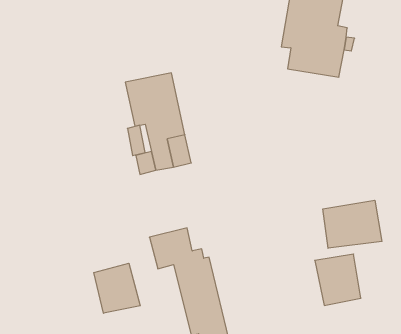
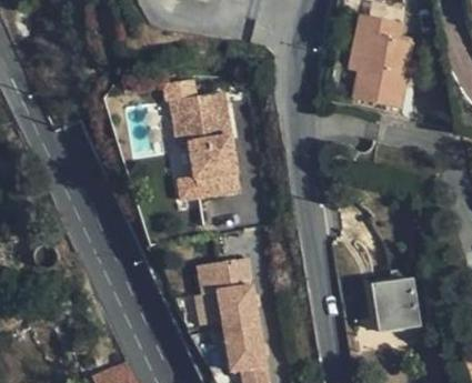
building: [323,200,382,248] -> none
building: [94,263,140,313] -> none

